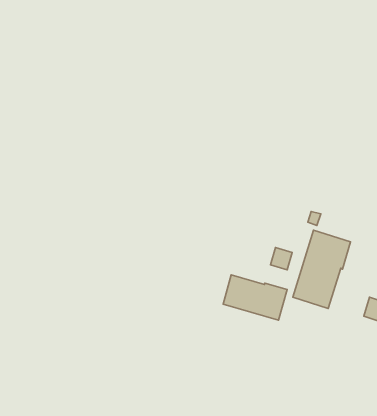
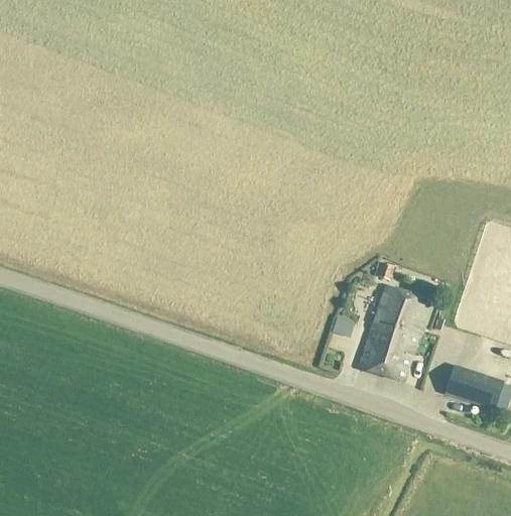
building: [223,275,287,320] -> none

